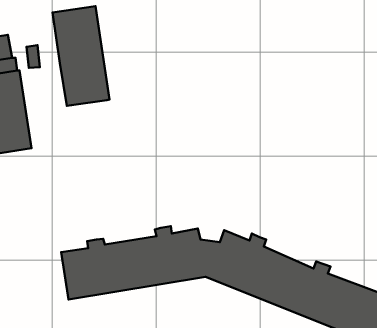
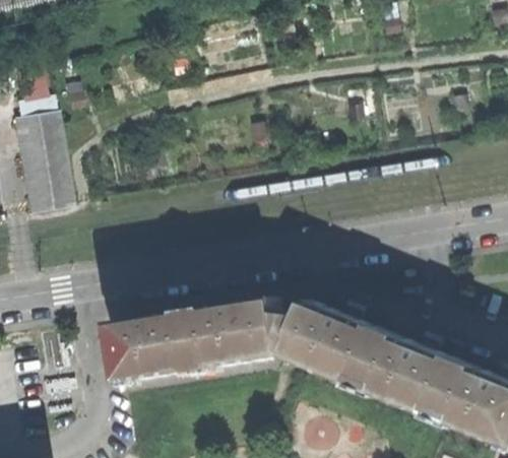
building: [53,6,110,106] -> none

